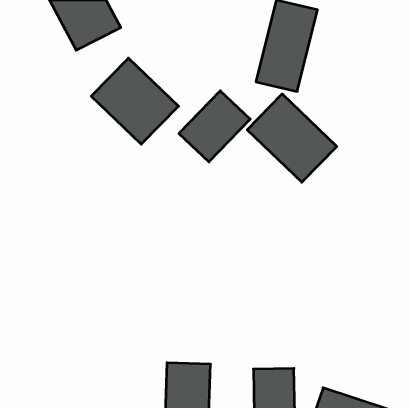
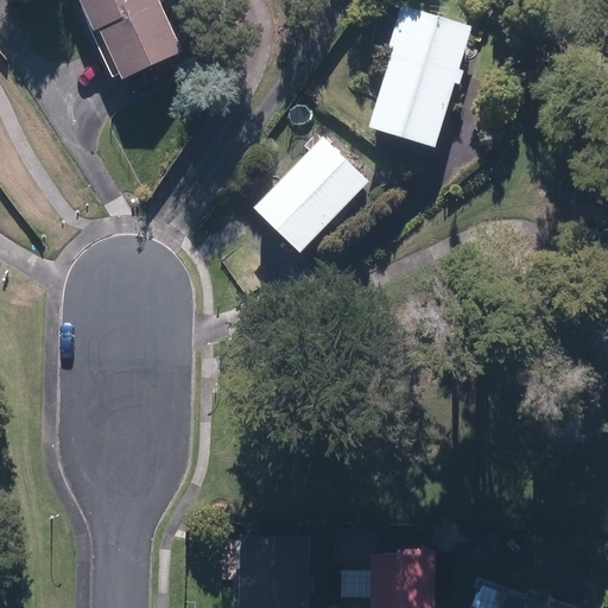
building: [91,58,179,144] -> none
building: [247,94,337,182] -> none

